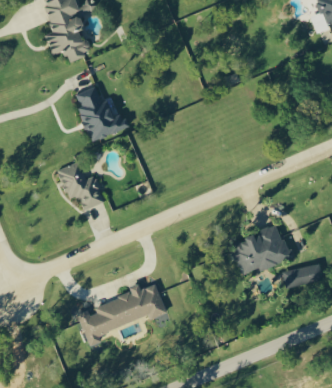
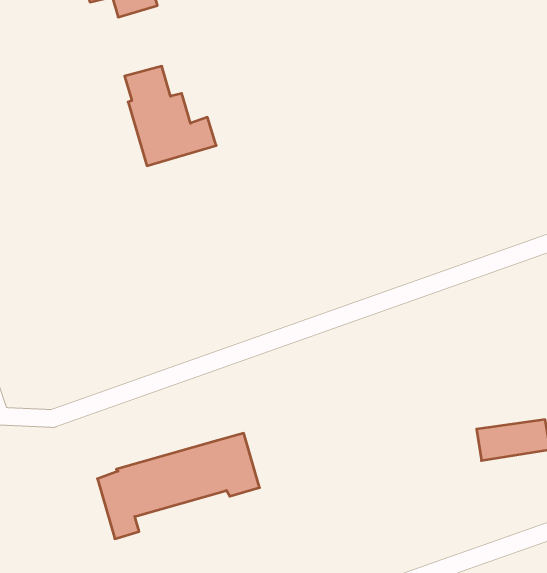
building: [57,161,103,209] -> none
building: [230,223,291,274] -> none

